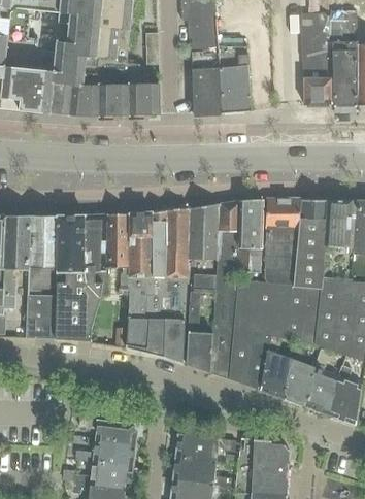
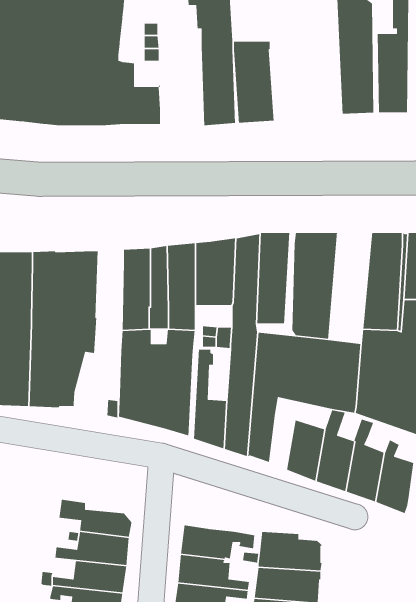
building: [294,200,328,289] -> none
building: [108,213,130,295] -> none
building: [246,341,269,390] -> none

